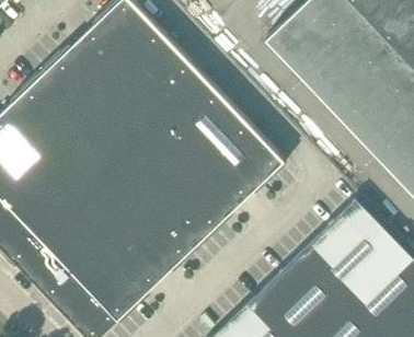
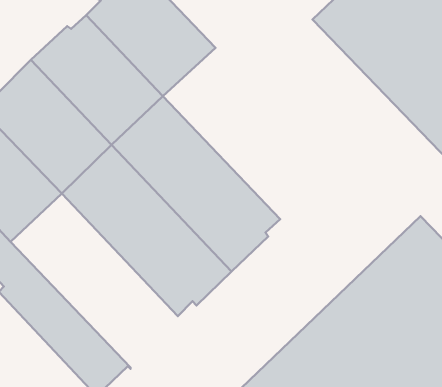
building: [147,60,287,199] -> none
building: [23,178,159,319] -> none

